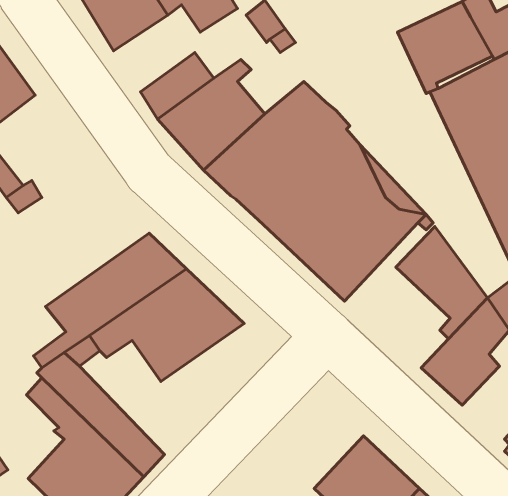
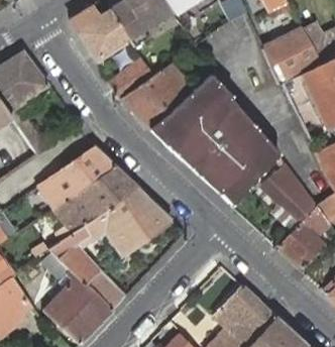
building: none -> [38,145,116,209]

